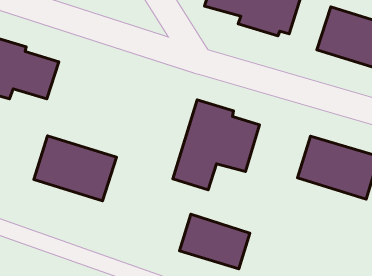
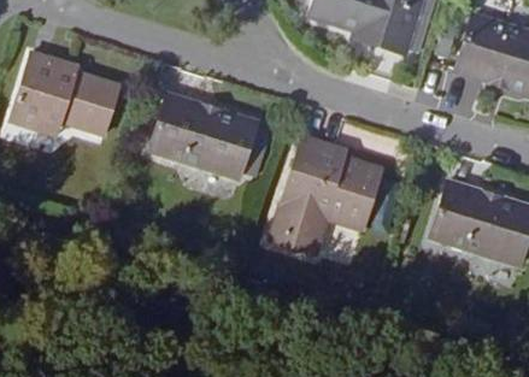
building: [34,136,116,201] -> [148,94,255,178]
building: [179,214,250,269] -> none

